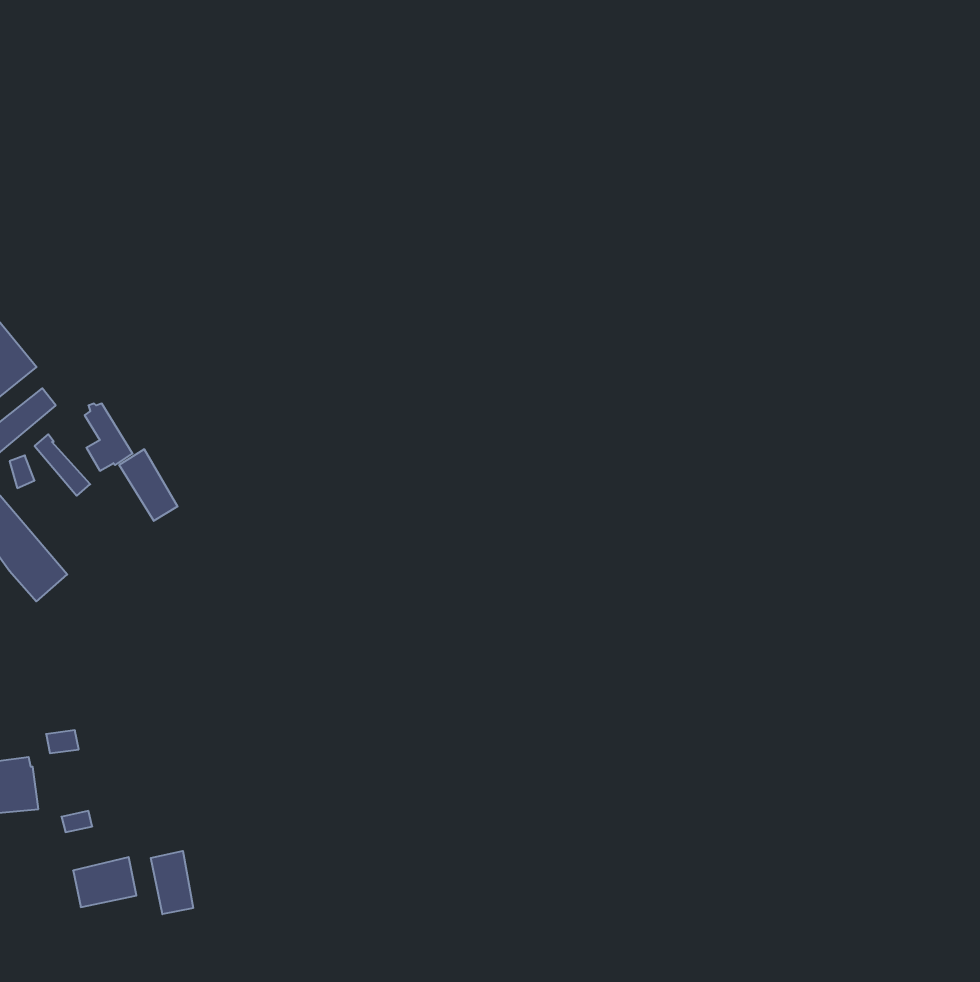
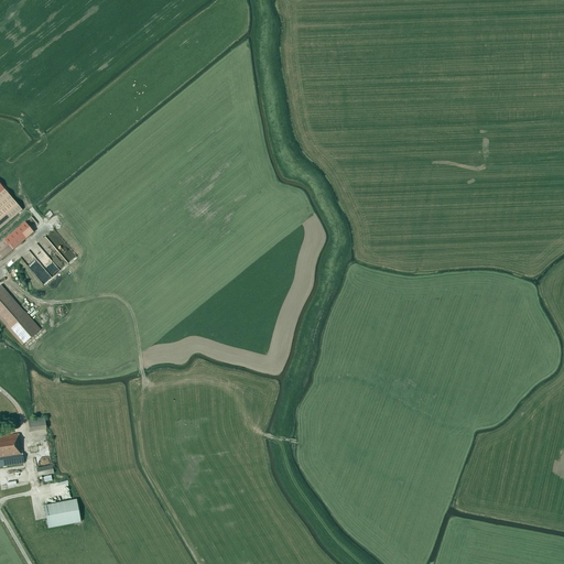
building: [119,449,178,521] -> none
building: [151,851,193,914] -> none

